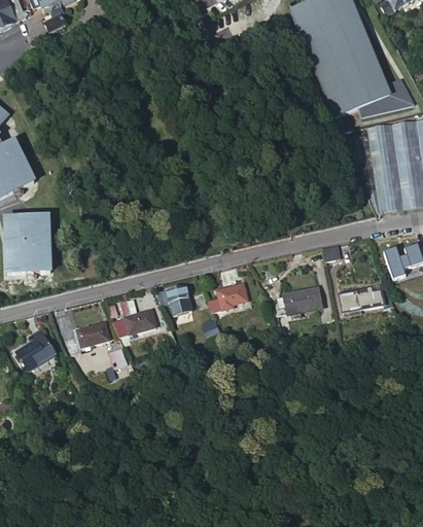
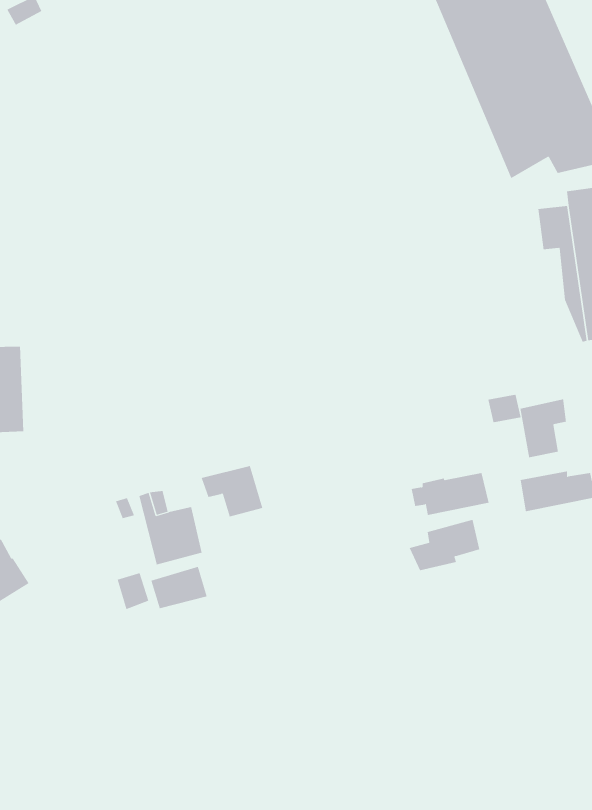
building: none -> [520,399,566,458]
building: [207,282,248,312] -> [409,519,480,571]
building: [77,322,110,347] -> [150,566,207,609]

